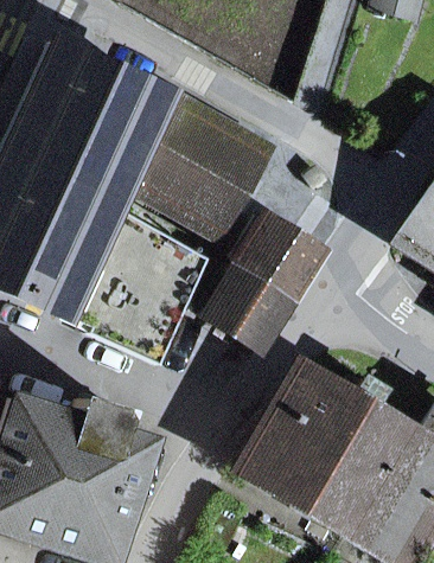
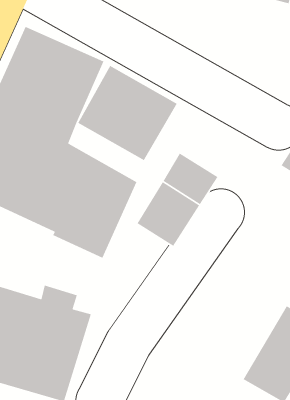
building: [249,367,407,527] -> none

